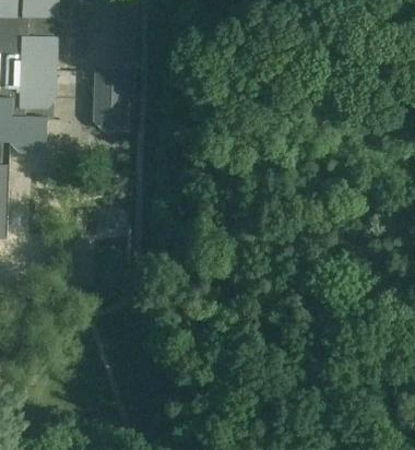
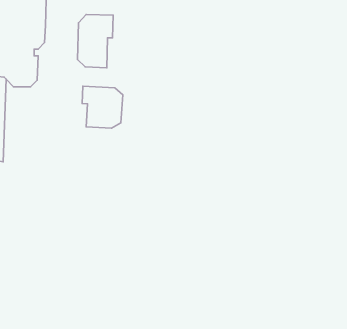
building: none -> [82,86,123,128]

